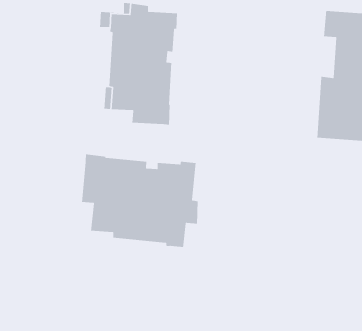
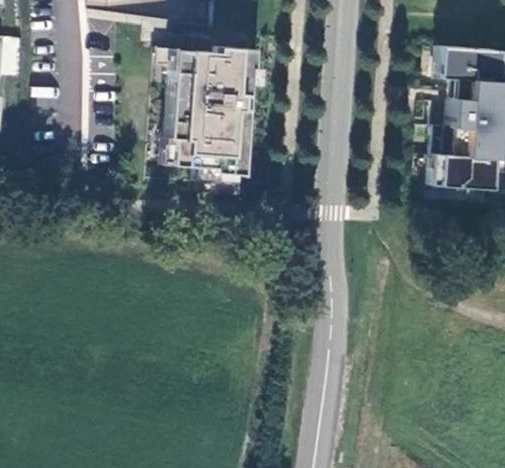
building: [81,153,199,248] -> none

